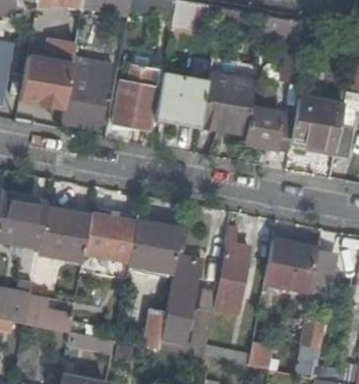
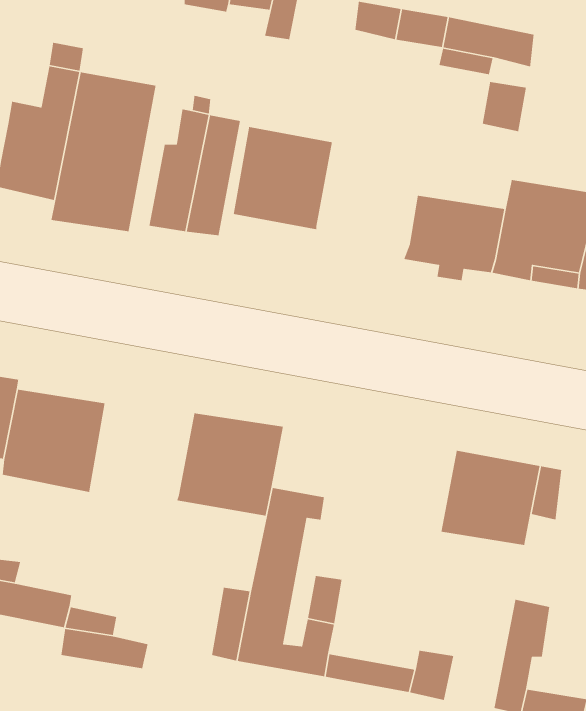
building: [200,71,257,133] -> none
building: [83,208,137,264] -> none
building: [216,229,251,313] -> none

